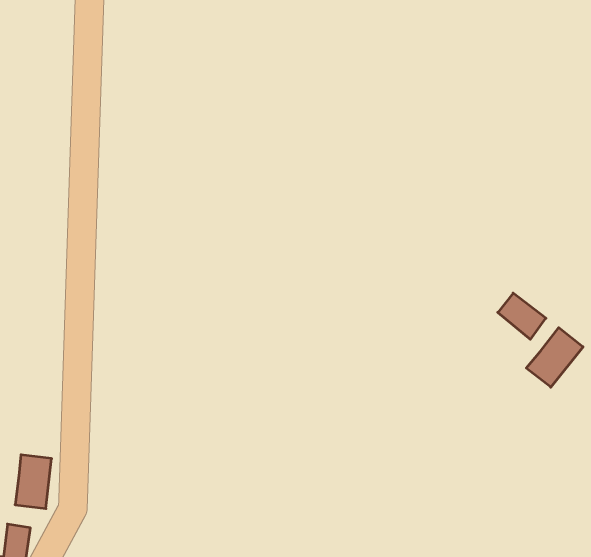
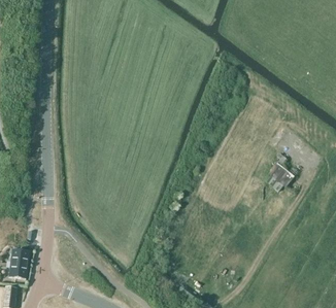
building: [526,328,583,387] -> none

